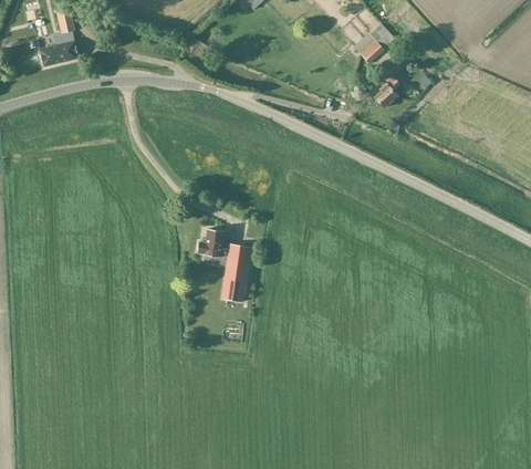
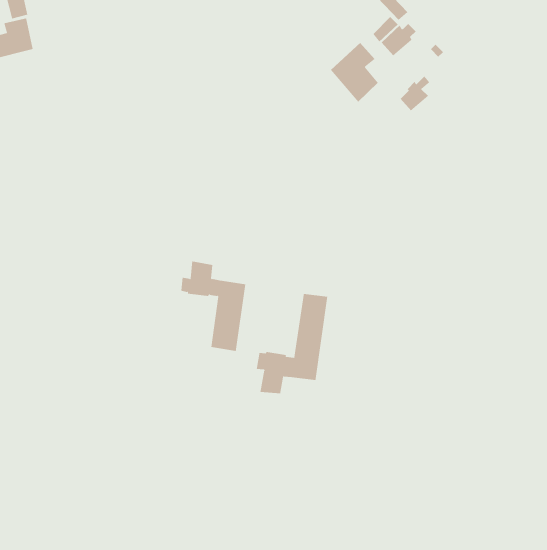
building: none -> [330,42,379,102]
building: none -> [256,293,328,394]

